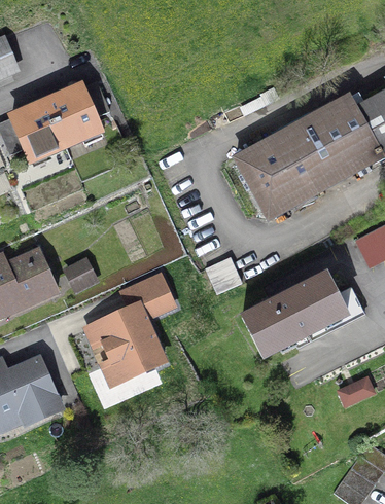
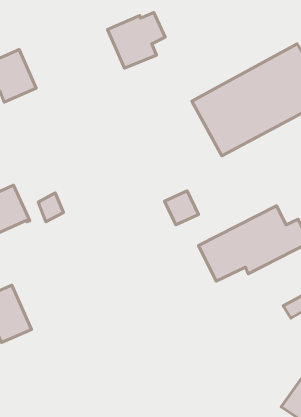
building: [45,82,108,143] -> [108,13,165,68]
building: [99,274,173,383] -> none

